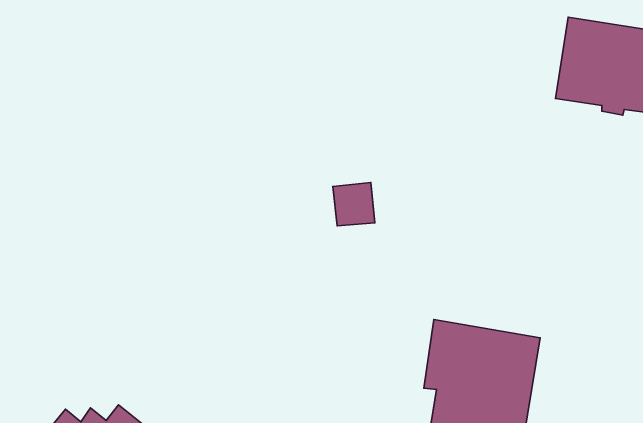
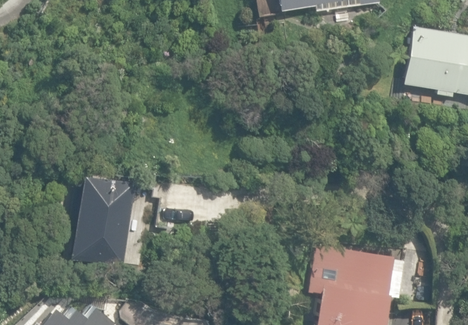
building: none -> [69,174,135,267]

